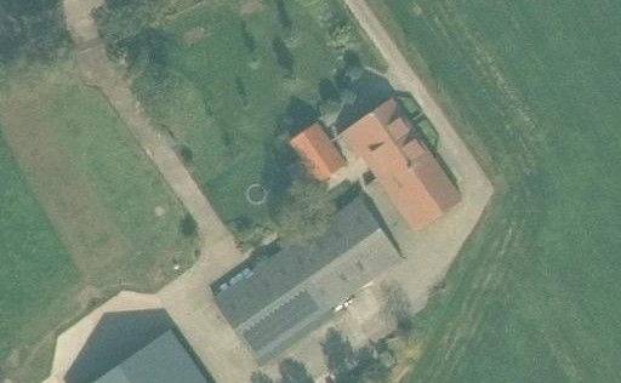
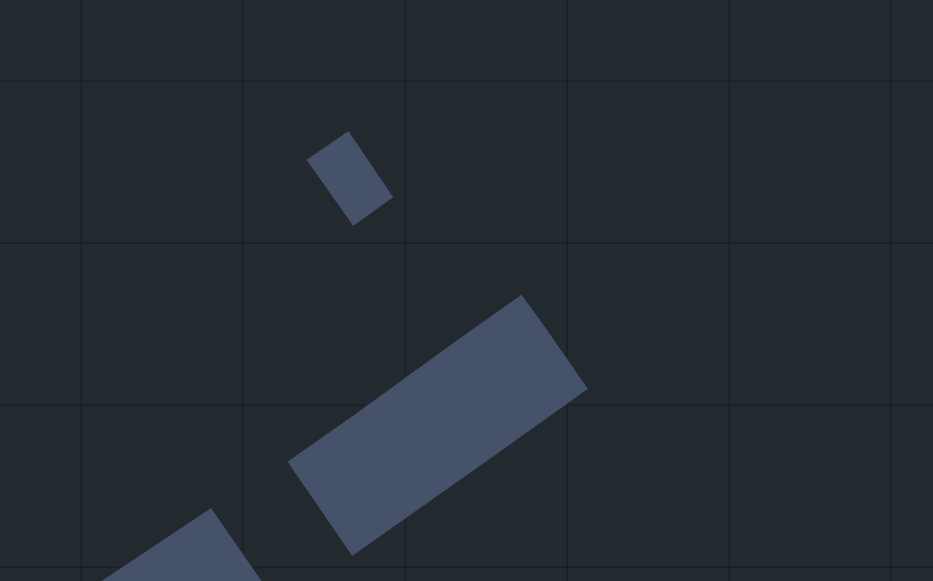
building: [341,99,462,233] -> none
building: [290,122,344,182] -> [305,130,394,227]

